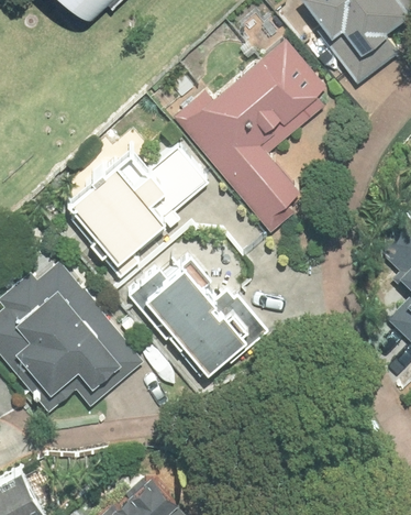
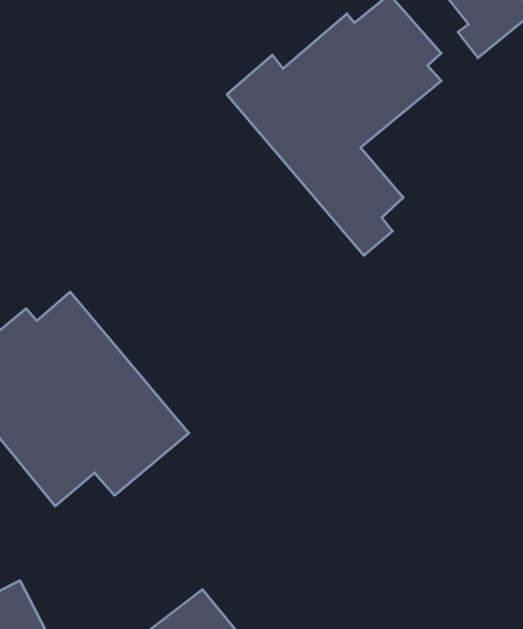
building: [69,147,210,275] -> none
building: [130,255,264,376] -> none

